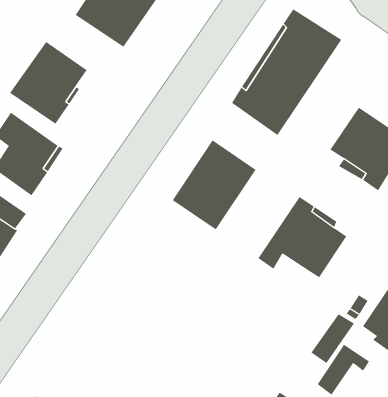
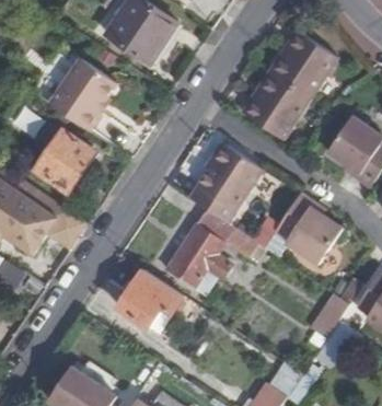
building: none -> [165,209,256,294]
building: none -> [117,268,182,334]

